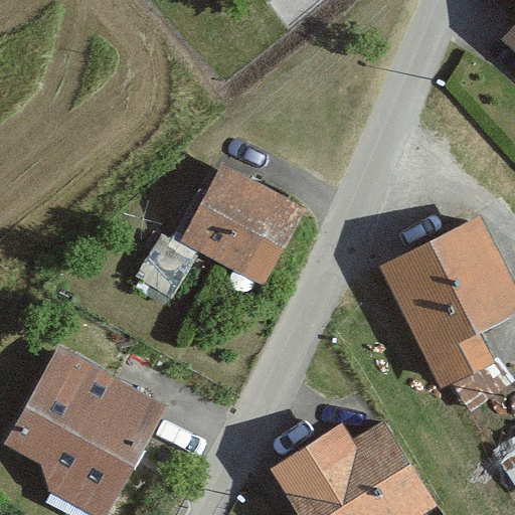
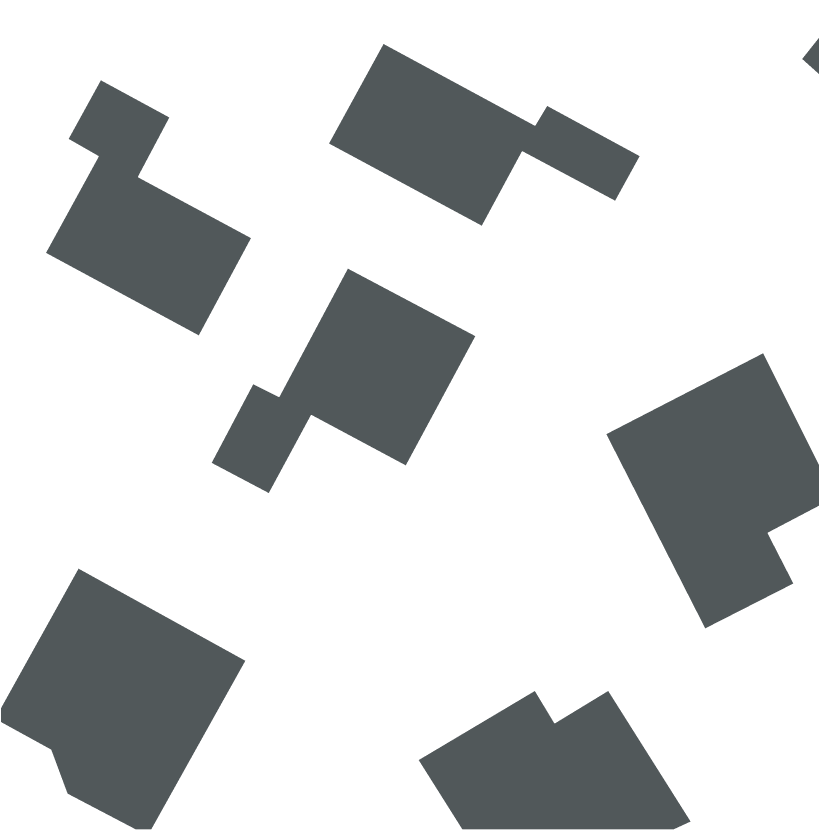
building: none -> [328,43,641,227]
building: none -> [45,79,252,337]

